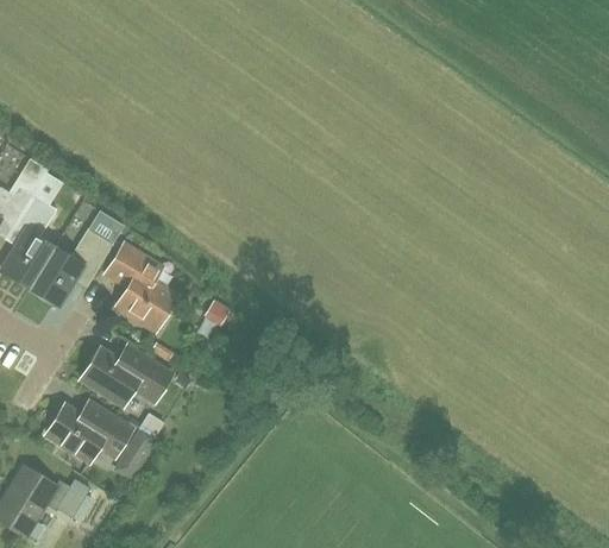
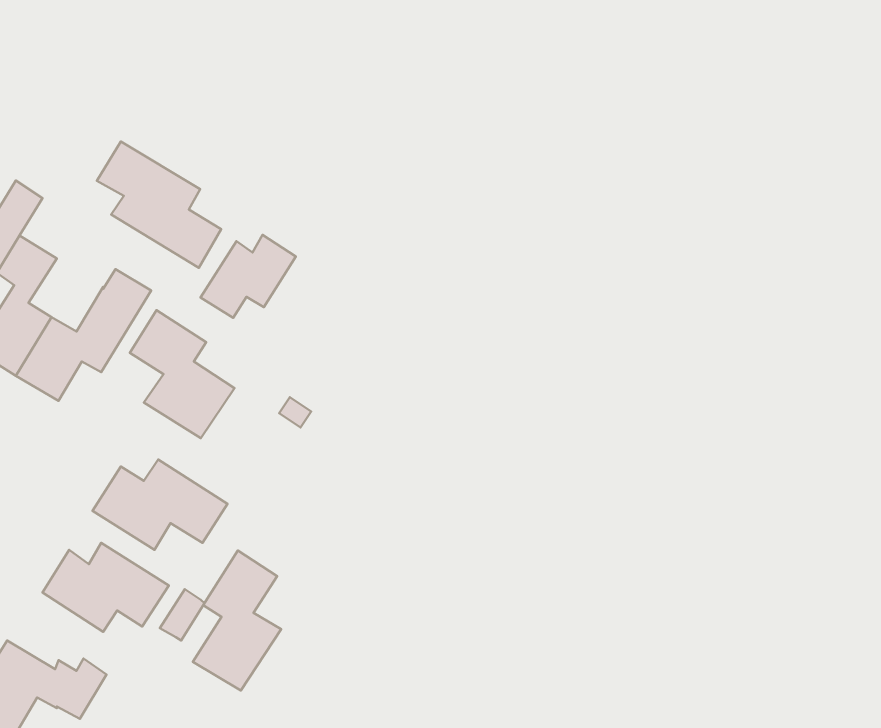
building: none -> [97,142,221,268]
building: none -> [200,235,296,318]
building: none -> [193,551,281,691]

